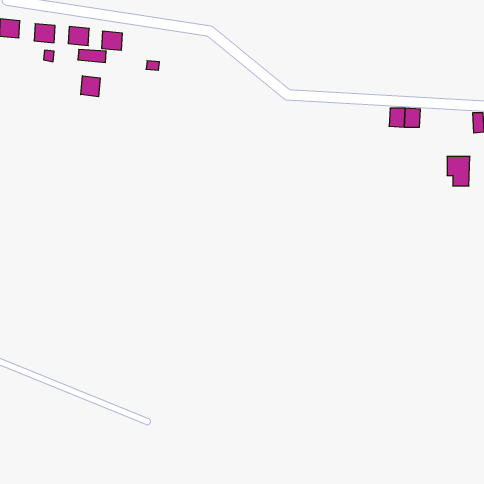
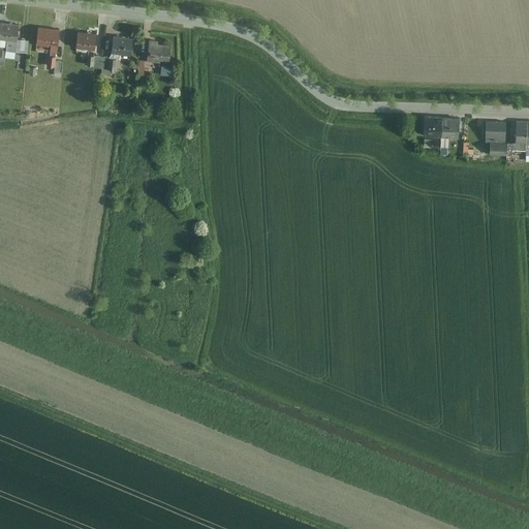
building: none -> [147,42,174,65]
building: [81,76,100,97] -> none
building: [447,156,470,186] -> [484,124,508,156]

